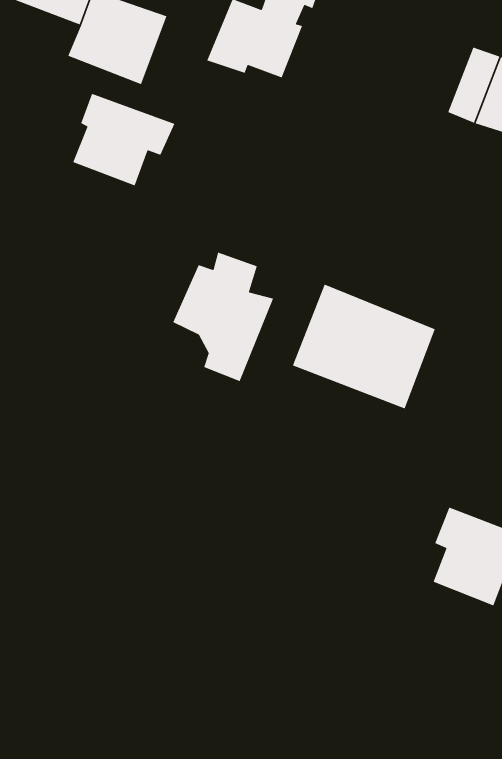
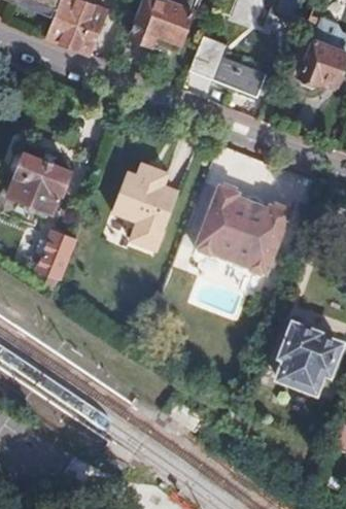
building: none -> [189,34,266,97]
building: [72,93,176,187] -> [11,150,77,210]
building: none -> [39,237,73,276]

